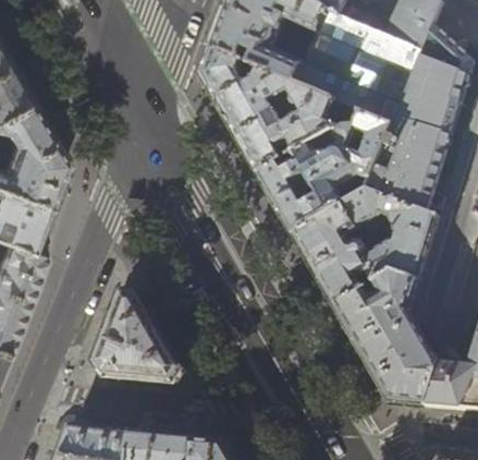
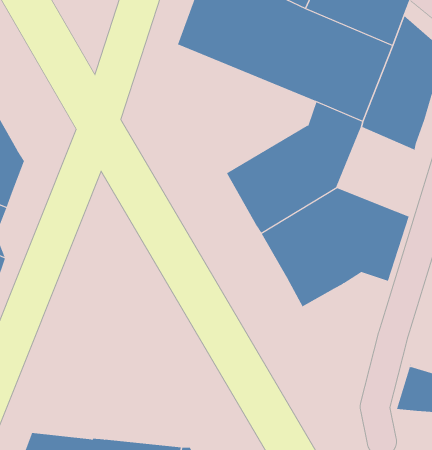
building: [203,48,347,173] -> none
building: [368,129,444,210] -> none
building: [334,270,439,403] -> none
building: [95,289,183,382] -> none

